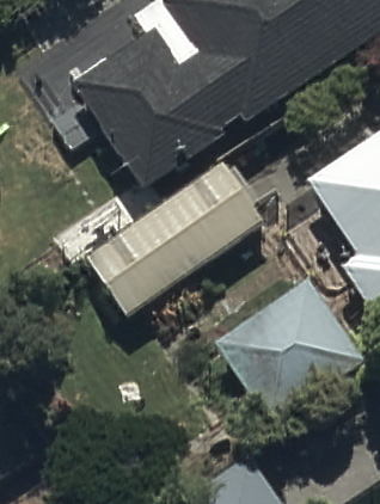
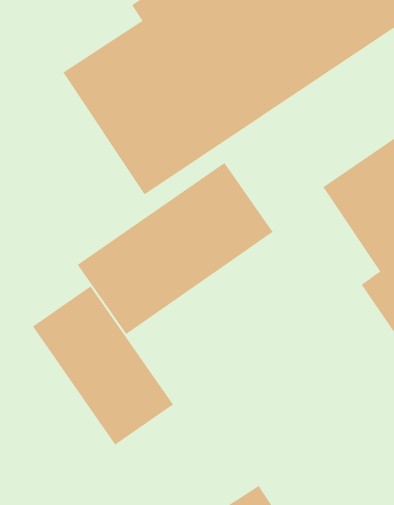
building: none -> [32,285,174,445]
building: [213,277,362,424] -> none

